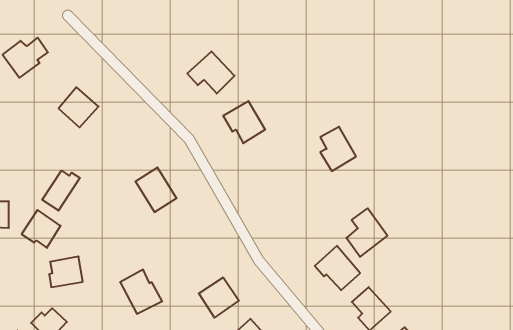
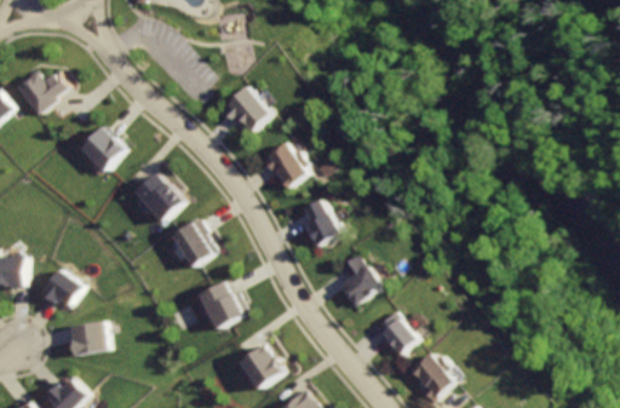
building: [320,127,356,171] -> [305,197,346,248]
building: none -> [131,173,182,223]
building: [42,171,80,211] -> none
building: [346,208,387,257] -> [339,253,386,309]
building: [120,270,162,314] -> [196,278,245,329]

